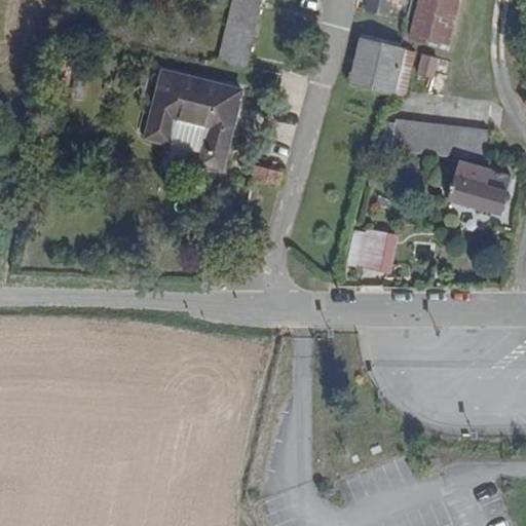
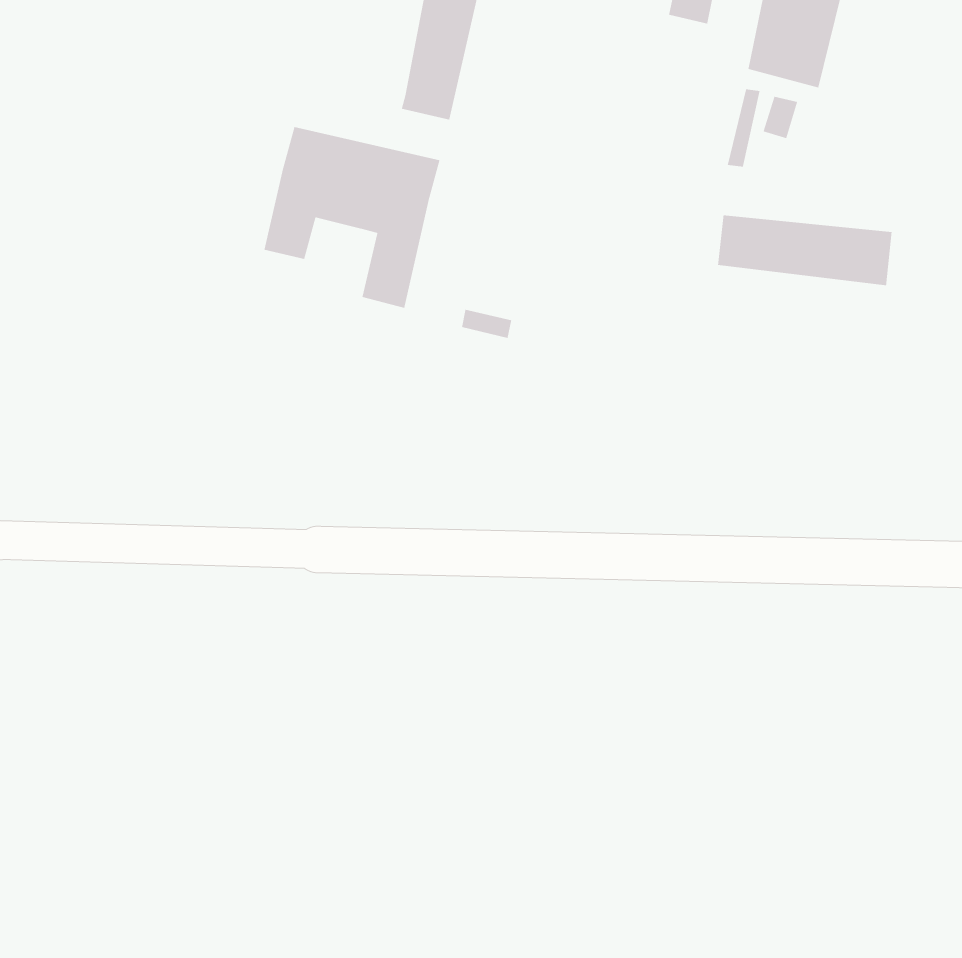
building: [347,37,404,92] -> none
building: [447,158,510,214] -> none
building: [360,230,394,270] -> none

